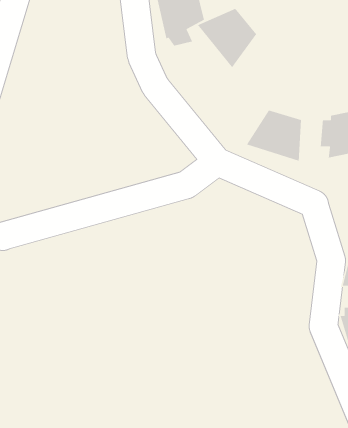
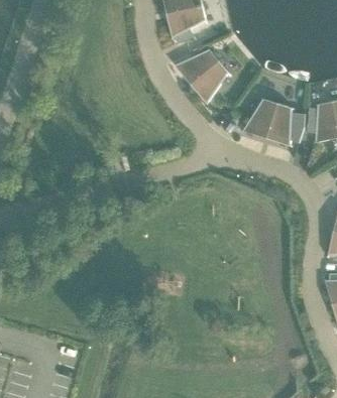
building: [197,8,257,68] -> [175,49,228,103]

